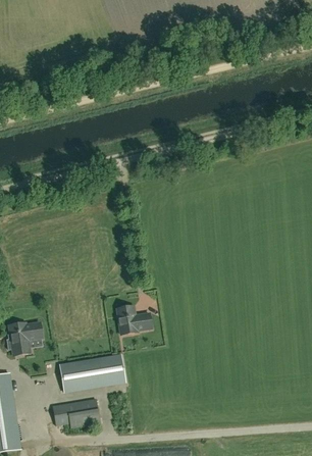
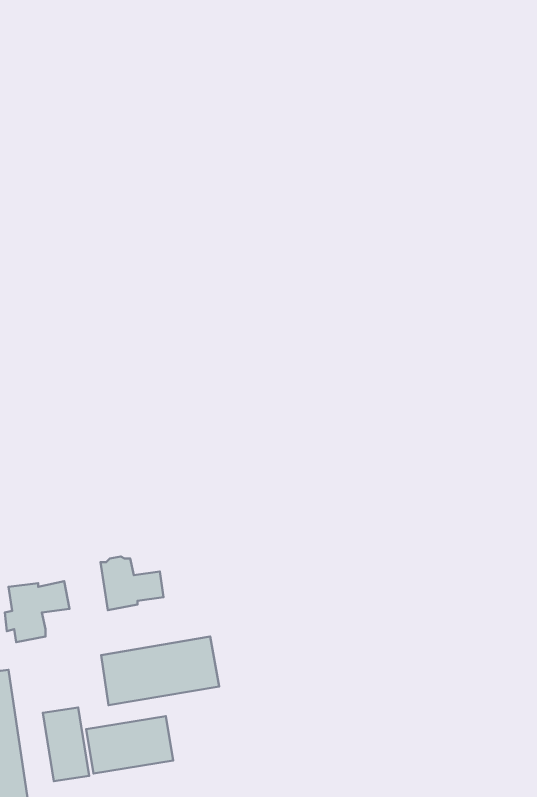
building: [116,305,151,335] -> [101,557,163,610]
building: none -> [43,707,89,781]

